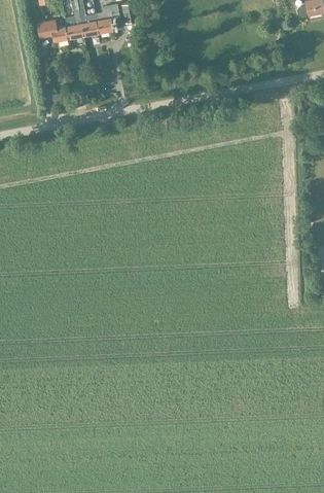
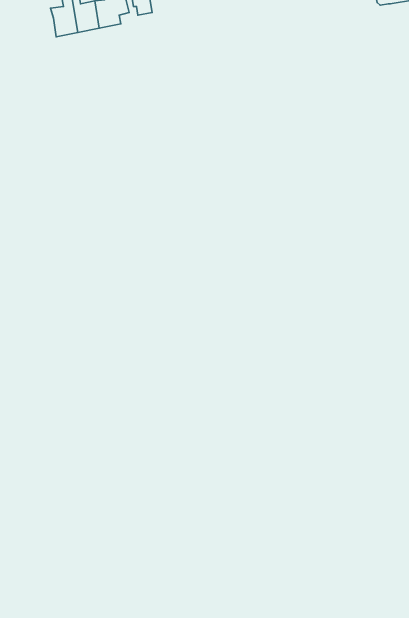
building: [36,21,68,42] -> none

